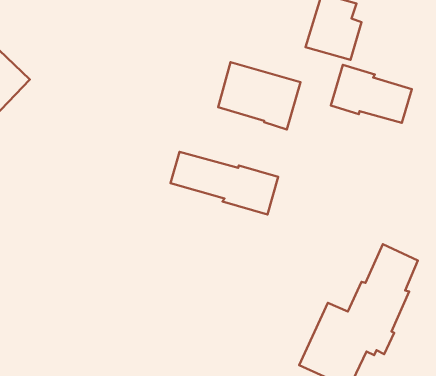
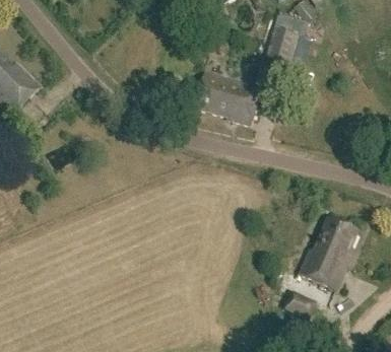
building: [331,65,412,123] -> none
building: [170,152,278,214] -> none

